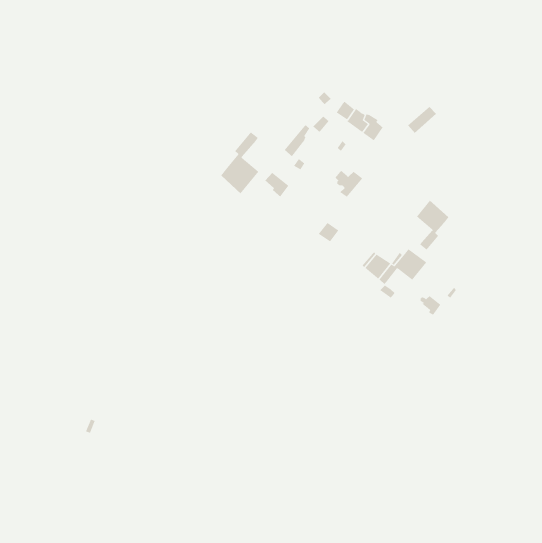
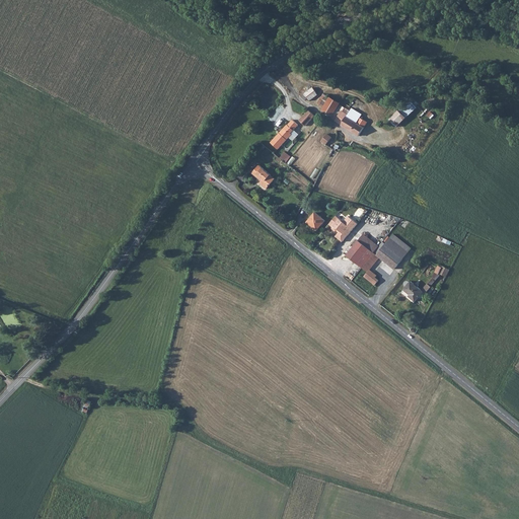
building: [220,132,259,194] -> none
building: [334,170,363,198] -> [328,215,356,241]
building: [416,200,449,250] -> none

